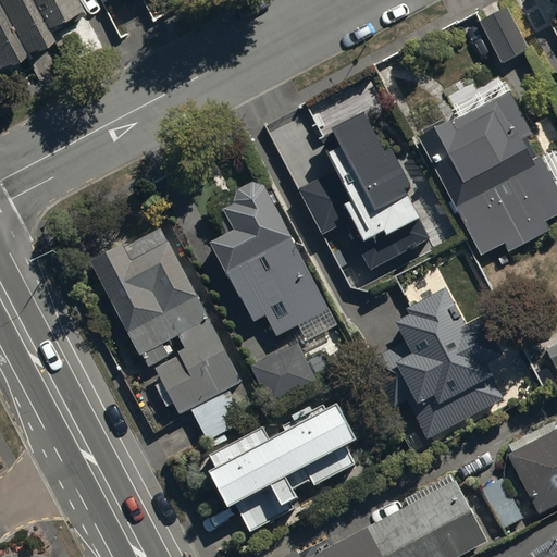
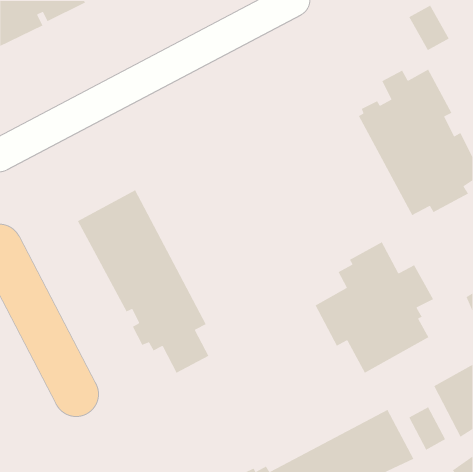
building: [299,110,428,269] -> none
building: [212,183,336,341] -> none
building: [247,338,320,411] -> none
building: [209,400,359,532] -> none

